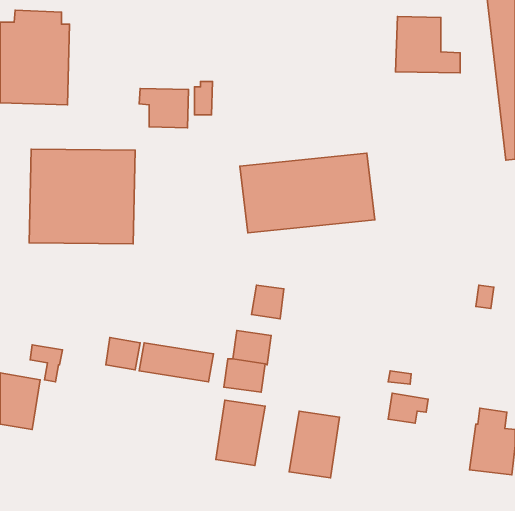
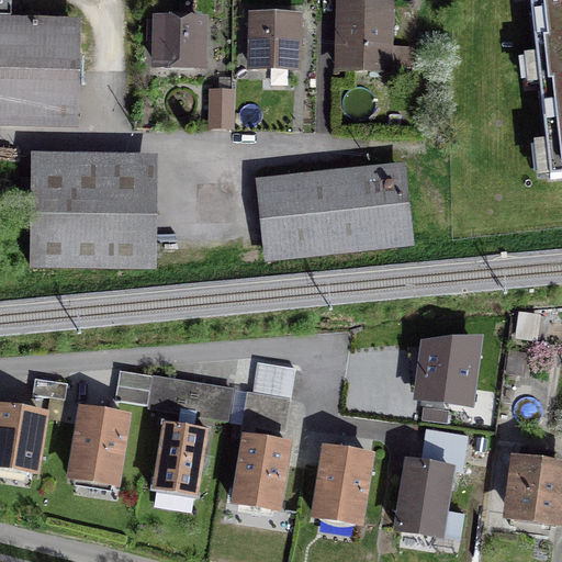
building: none -> [252,14,297,65]
building: [396,17,460,73] -> [339,5,409,67]
building: [139,89,189,128] -> [148,20,202,63]
building: [252,285,284,319] -> none
building: none -> [409,340,475,402]
building: none -> [72,408,126,481]
building: none -> [154,422,209,494]
building: none -> [397,461,451,532]

